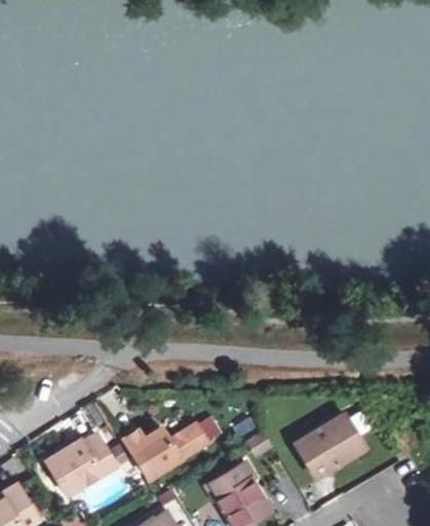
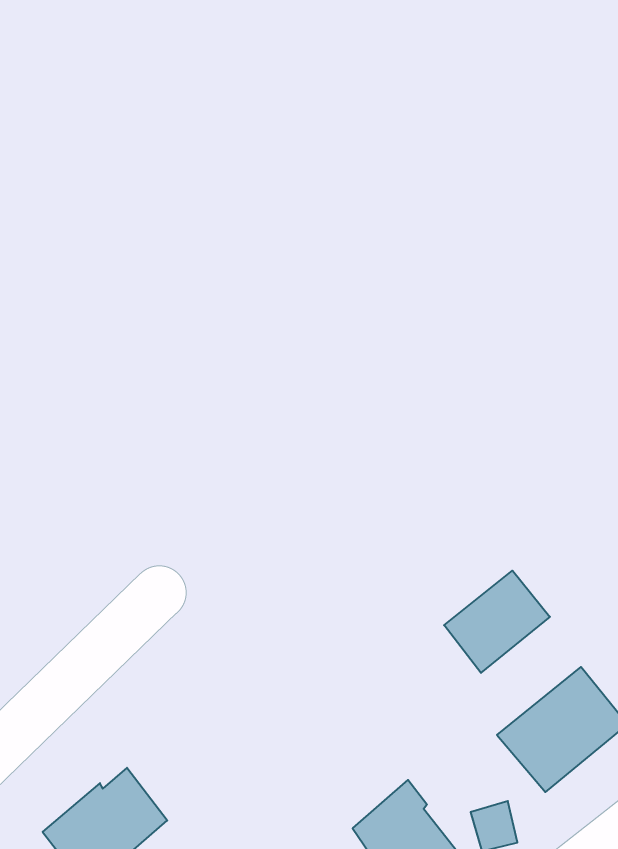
building: none -> [444,571,550,673]
building: [123,424,205,478] -> none

